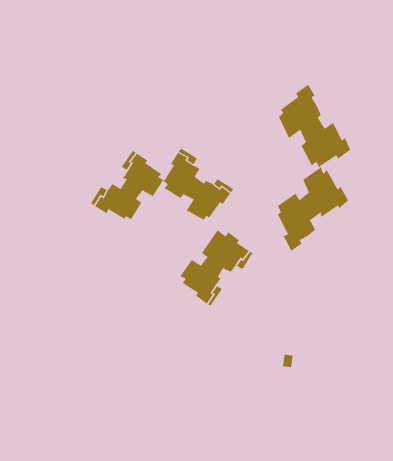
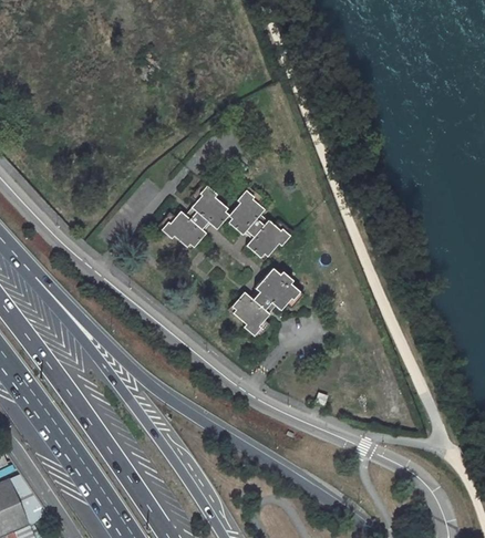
building: [277,84,351,252] -> none

